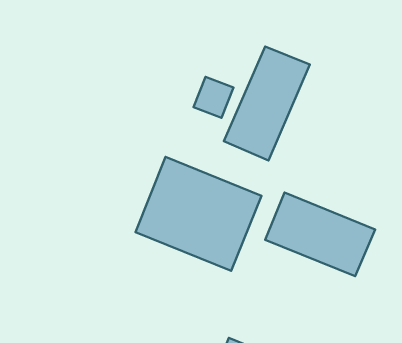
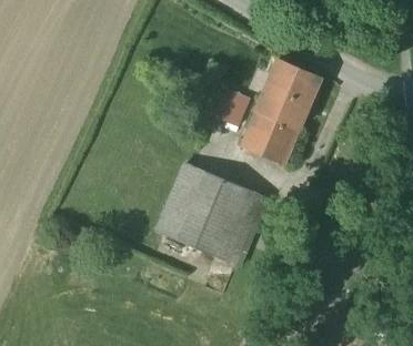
building: [265,193,375,276] -> none

